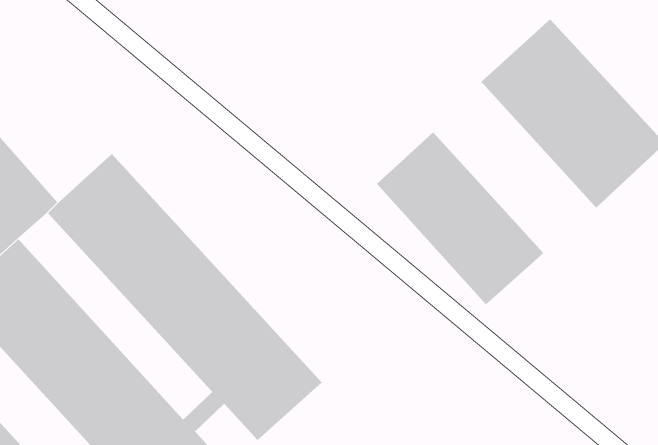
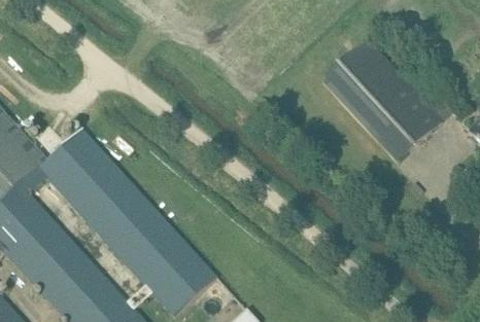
building: [376,132,544,305] -> none

